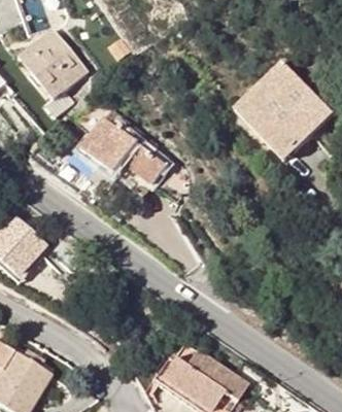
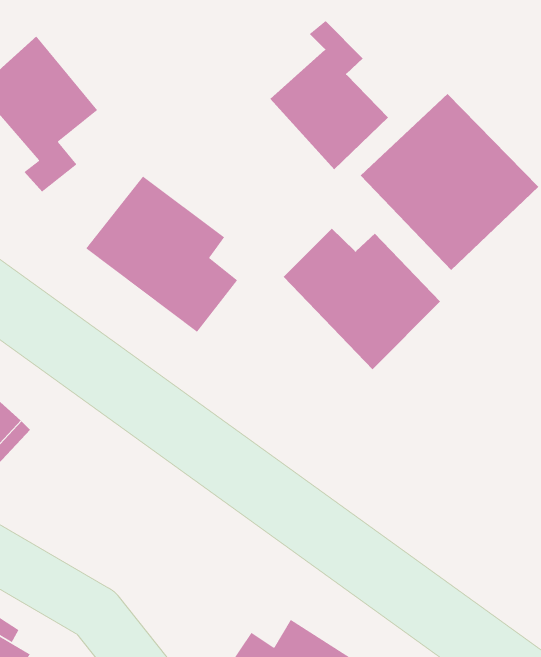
building: none -> [270,20,389,170]
building: none -> [283,228,441,370]

